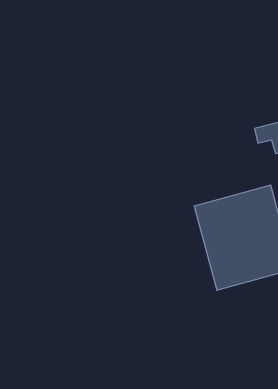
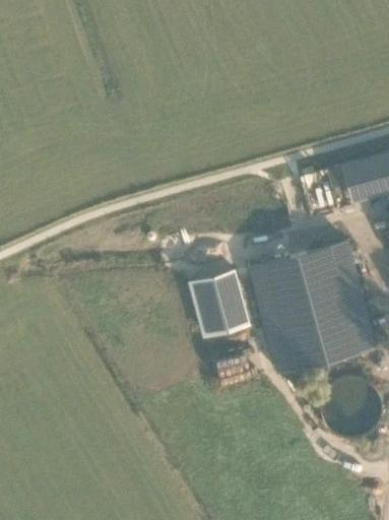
building: none -> [191,271,249,337]

